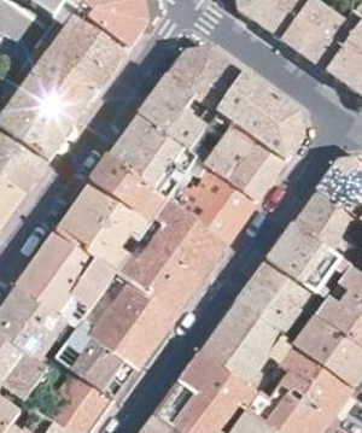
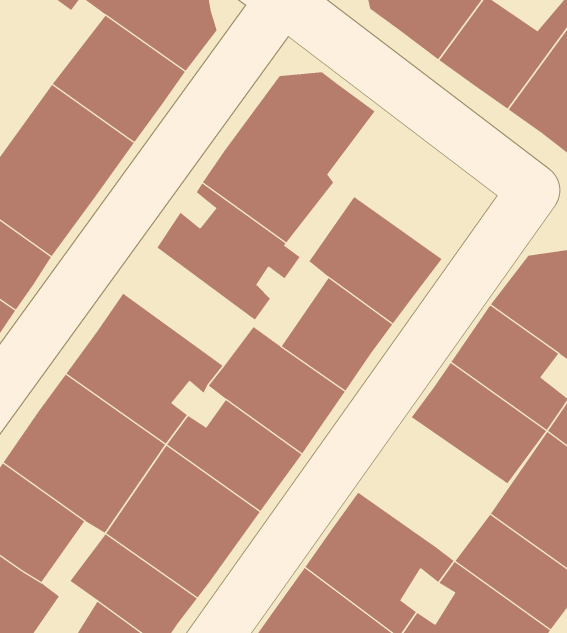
building: [214,72,300,163] -> none
building: [88,156,169,228] -> none
building: [232,259,323,339] -> none

